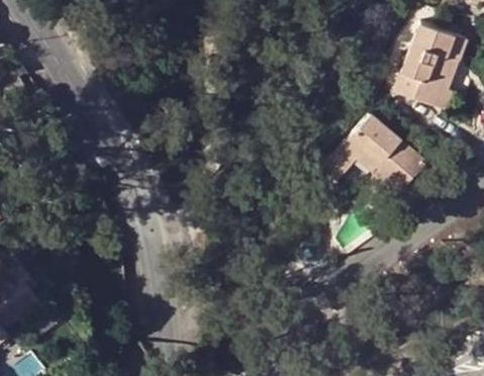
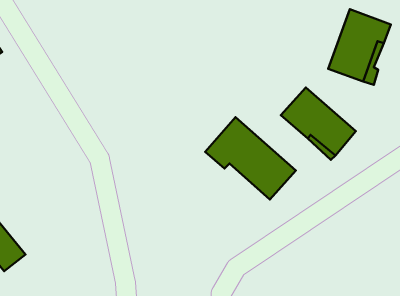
building: none -> [205,117,296,200]

